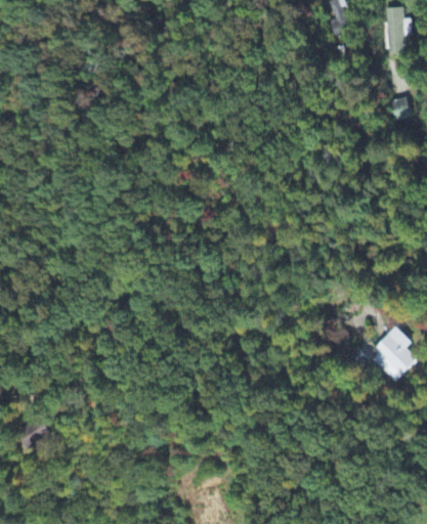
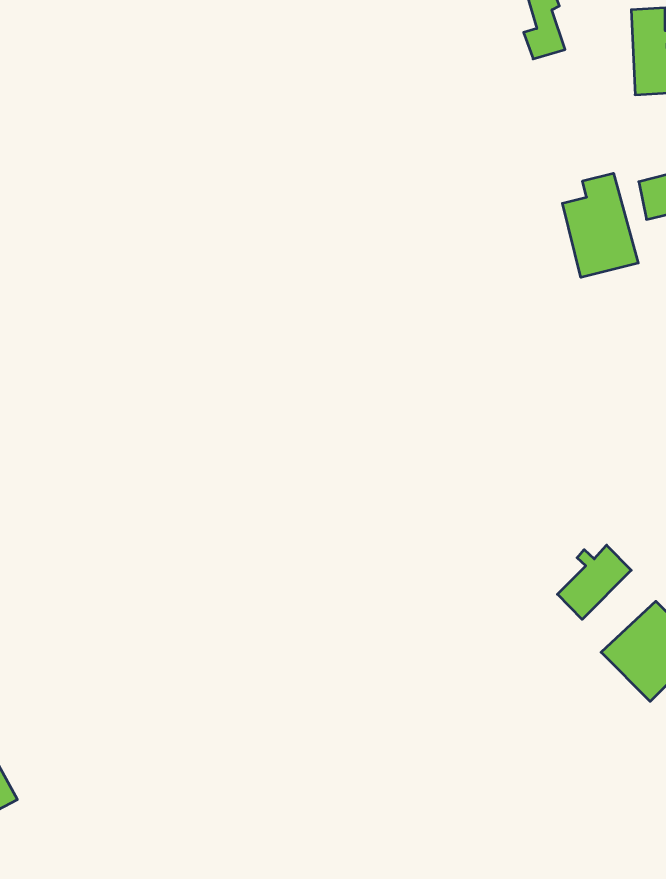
building: none -> [562,173,638,277]
building: none -> [557,545,631,619]

